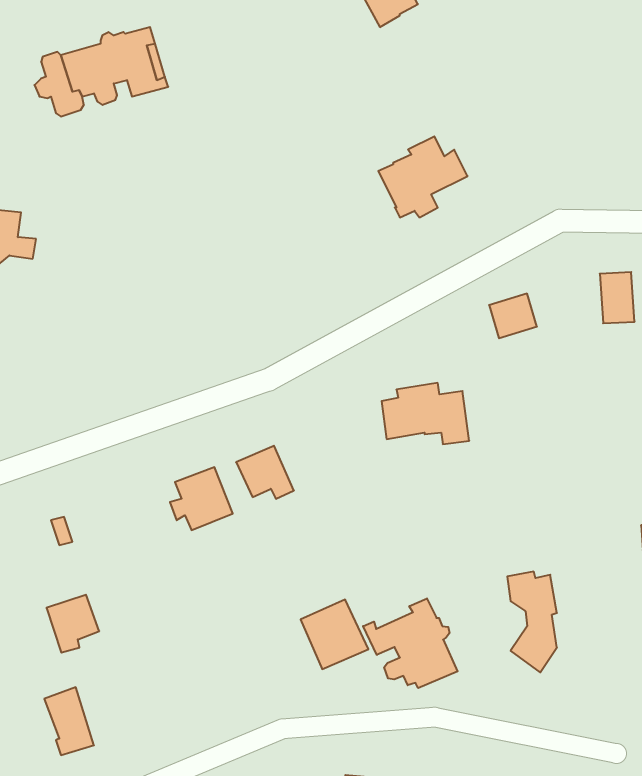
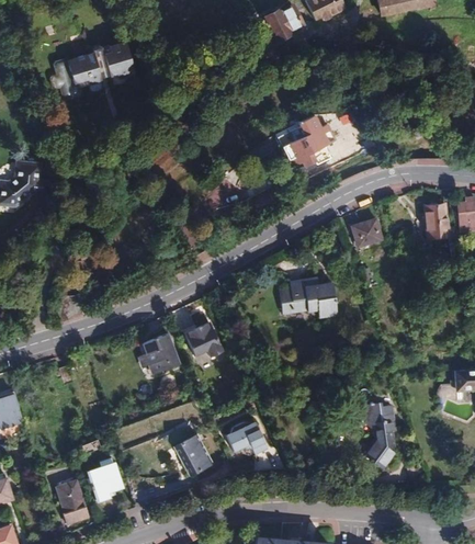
building: [46,595,99,653] -> [88,462,123,500]
building: [363,598,458,688] -> none
building: none -> [176,433,213,475]

